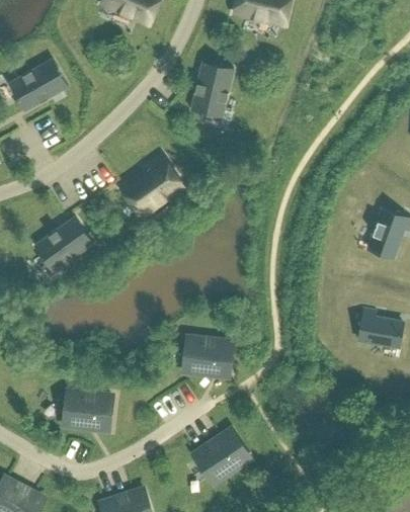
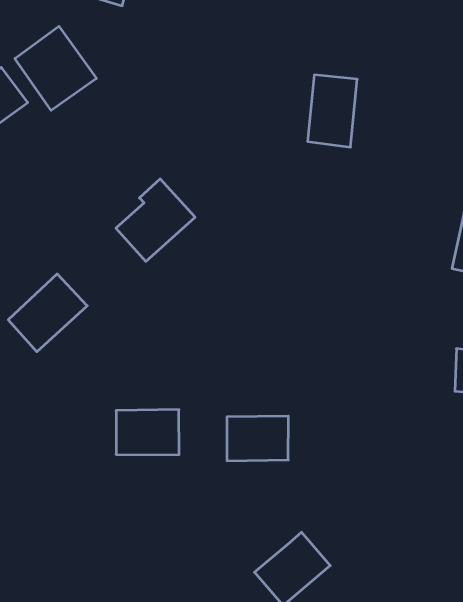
building: none -> [15,26,96,110]
building: [191,61,234,117] -> [308,75,357,147]
building: [63,391,113,429] -> [116,410,179,455]

